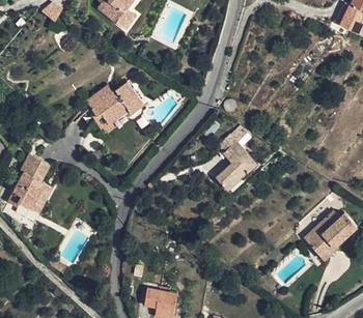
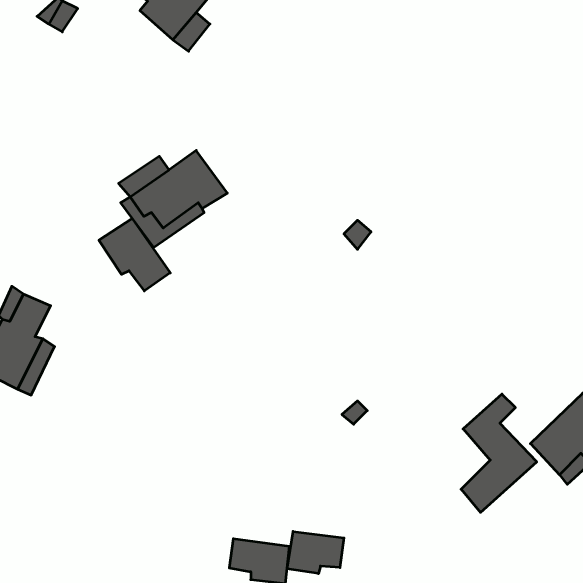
building: none -> [99,219,170,291]
building: [217,126,257,190] -> [461,394,537,512]
building: none -> [287,531,344,574]

